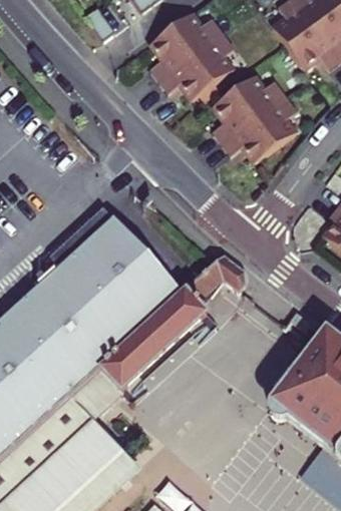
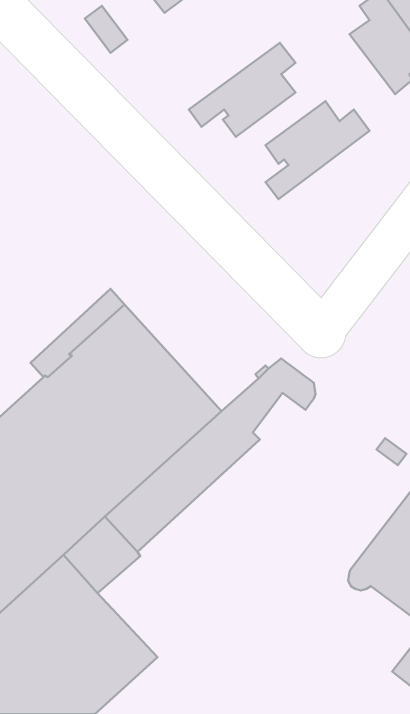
building: [149,10,223,78] -> none
building: [222,93,297,160] -> none

